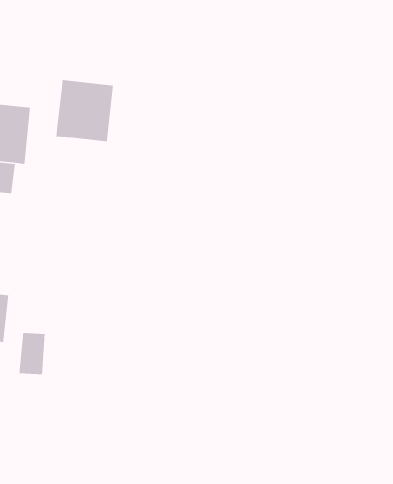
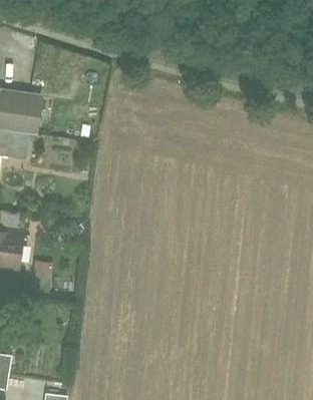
building: [56,79,114,142] -> none

